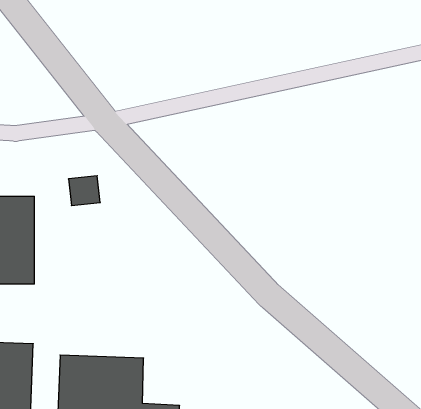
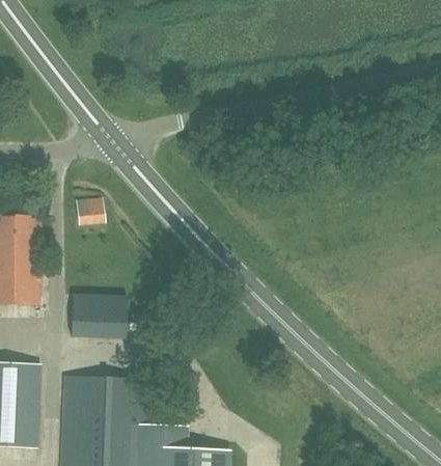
building: none -> [71,294,127,337]

